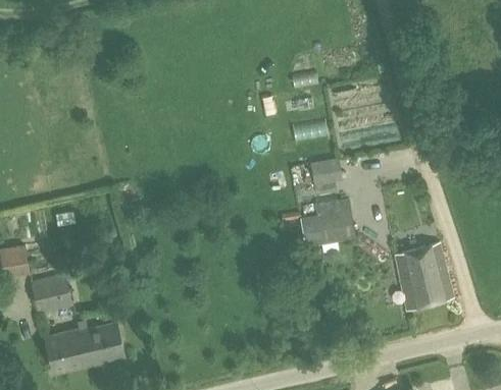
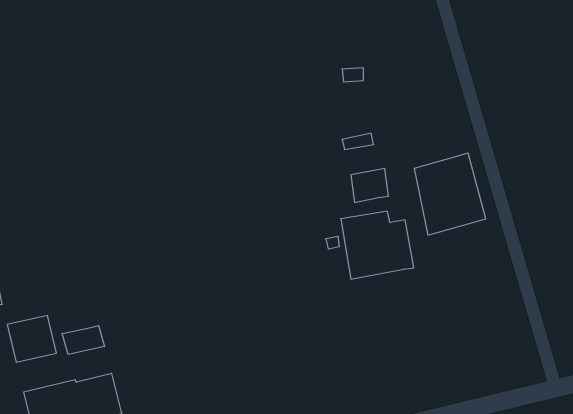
building: [396,244,454,311] -> [414,153,486,235]
building: none -> [62,325,104,354]

